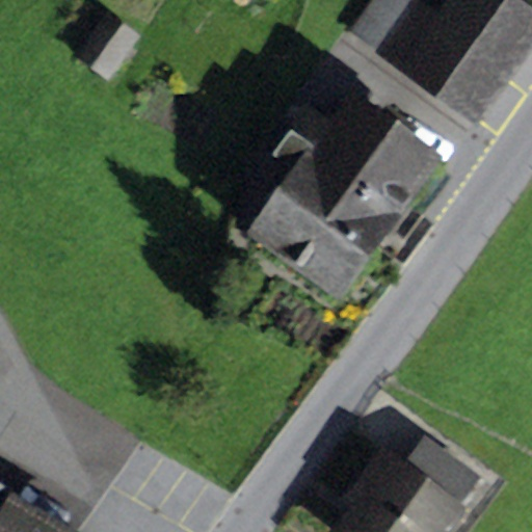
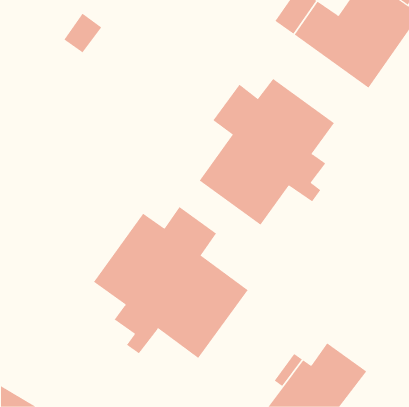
building: none -> [93,206,248,359]

